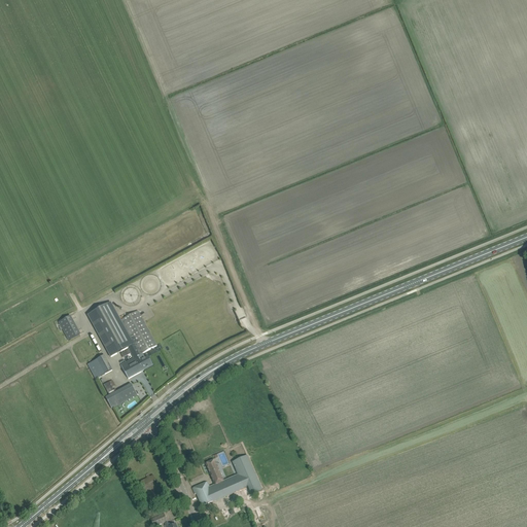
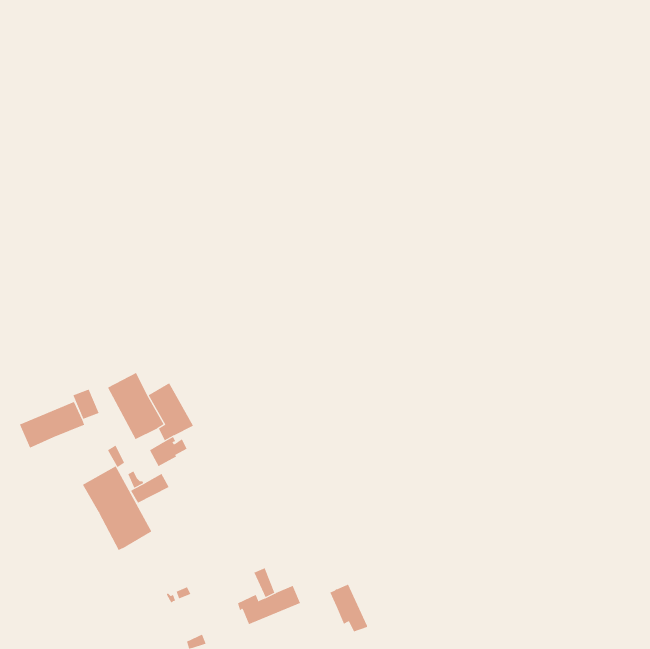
building: none -> [19,401,85,448]
building: none -> [82,466,152,551]
building: [232,454,262,493] -> [329,584,368,632]

